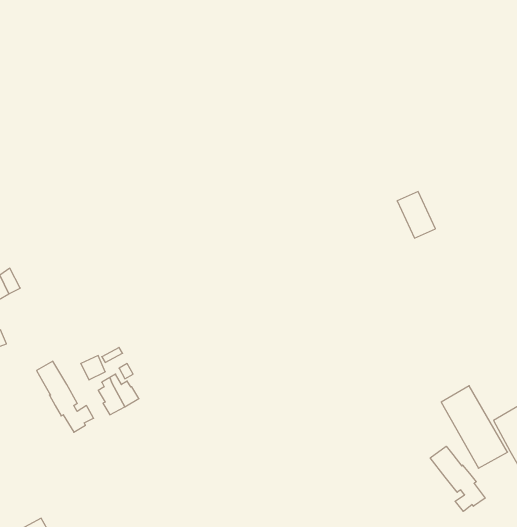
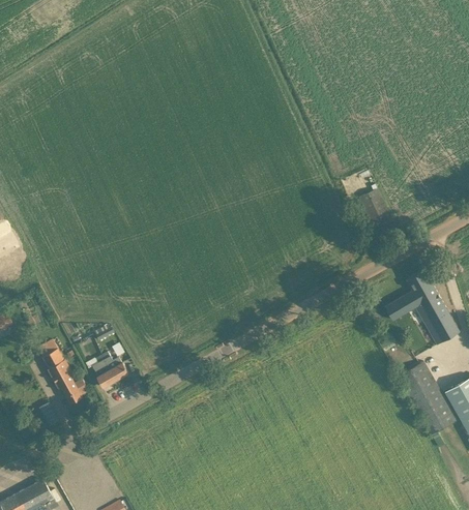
building: none -> [384,268,460,346]
building: [430,446,485,511] -> none

